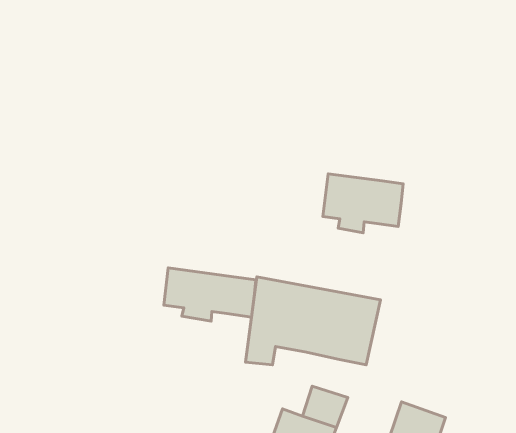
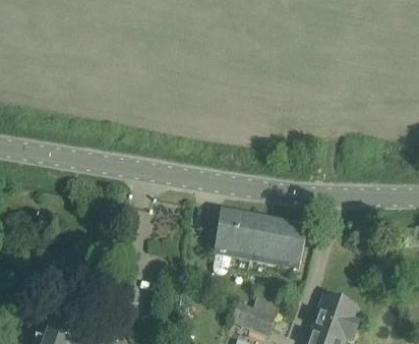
building: [323,174,403,233] -> none
building: [164,268,256,321] -> none

